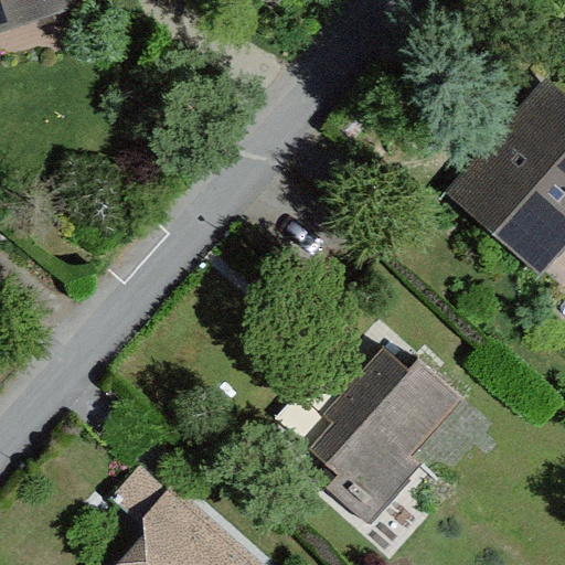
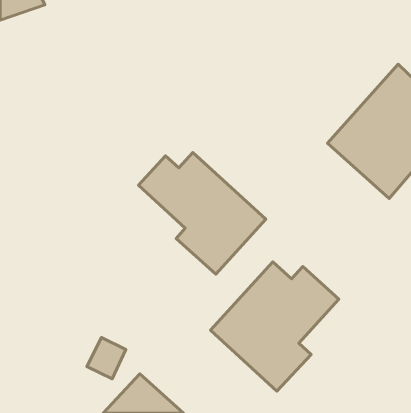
building: none -> [139,153,266,274]

